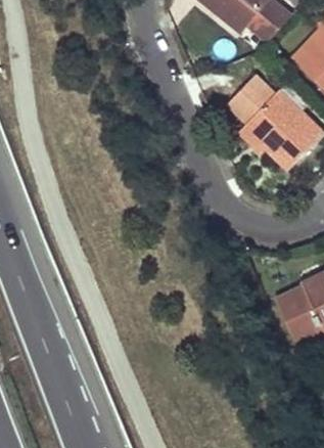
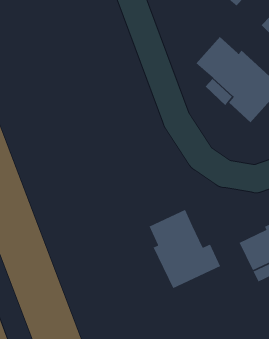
building: none -> [149,209,221,289]

